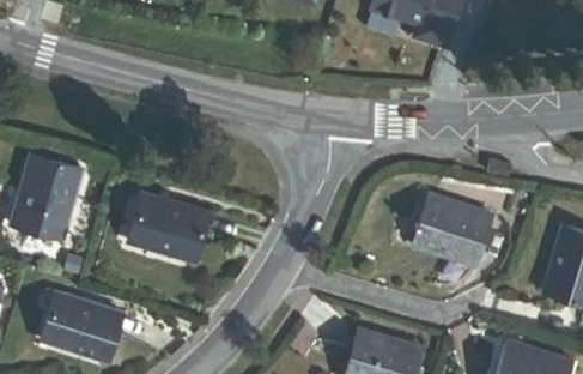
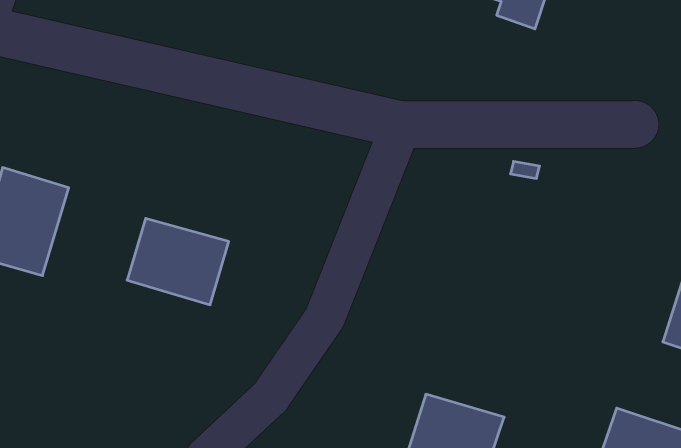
building: [413,193,491,265] -> none
building: [41,292,121,358] -> none

